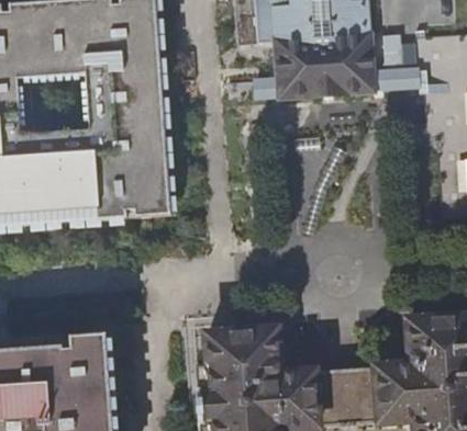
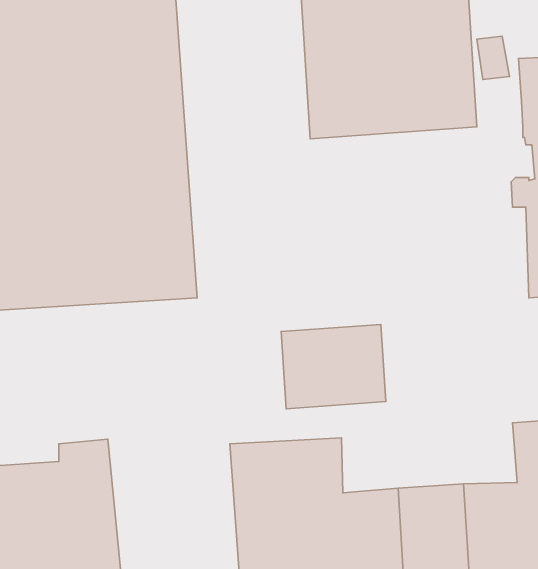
building: none -> [281,324,386,409]

